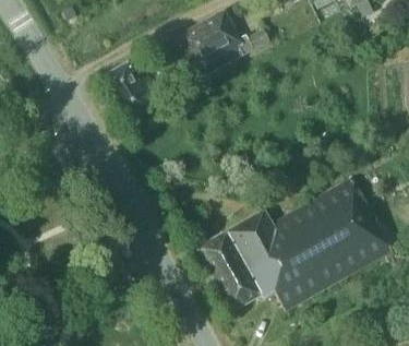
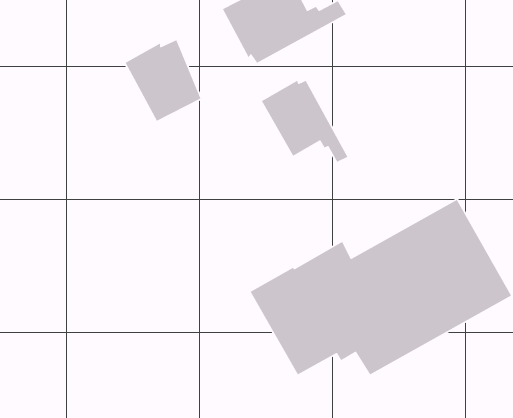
building: none -> [261,80,349,163]

